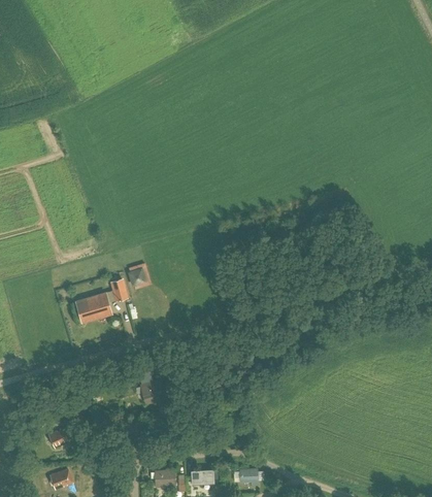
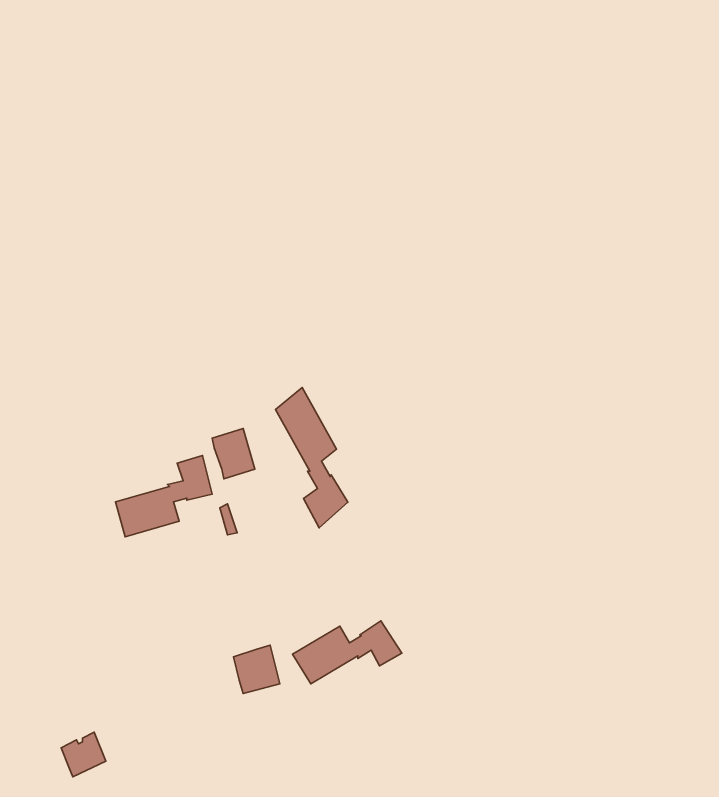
building: none -> [276,387,348,528]
building: none -> [293,621,402,684]

